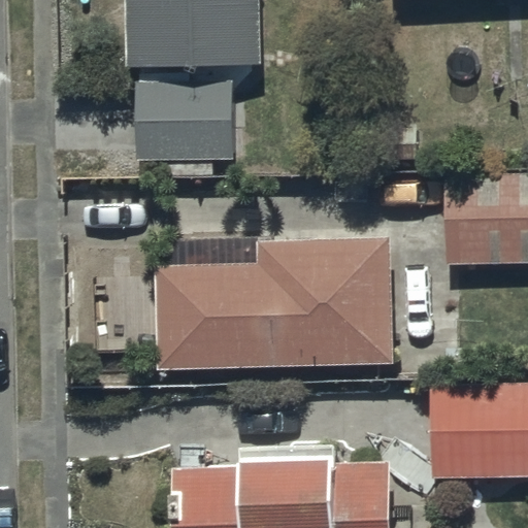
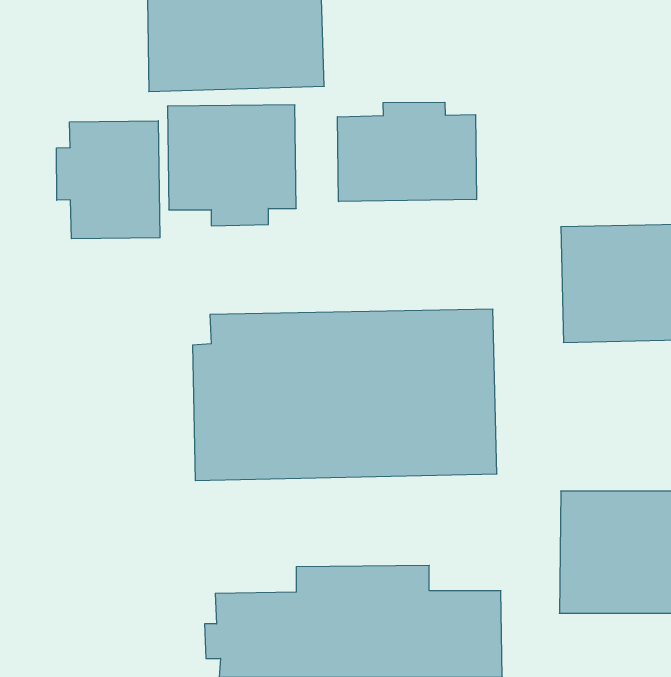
building: none -> [337,102,476,202]
building: none -> [57,121,160,239]

